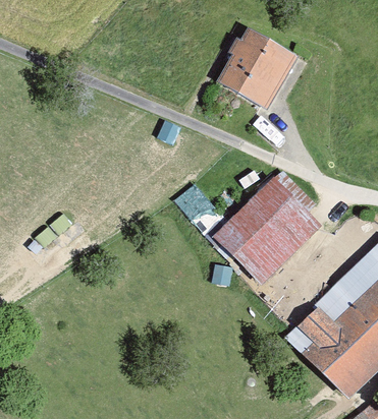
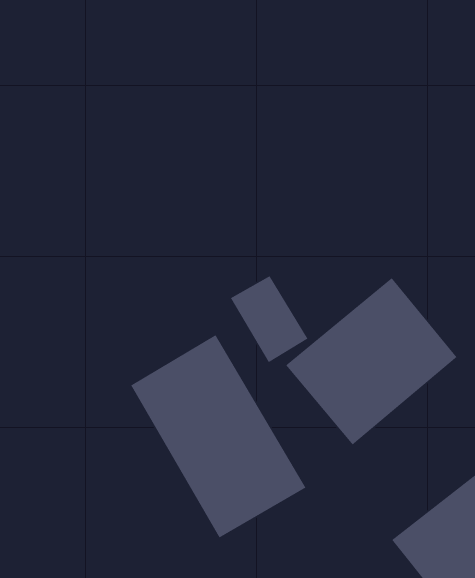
building: [218,29,301,115] -> none
building: none -> [130,334,307,539]

